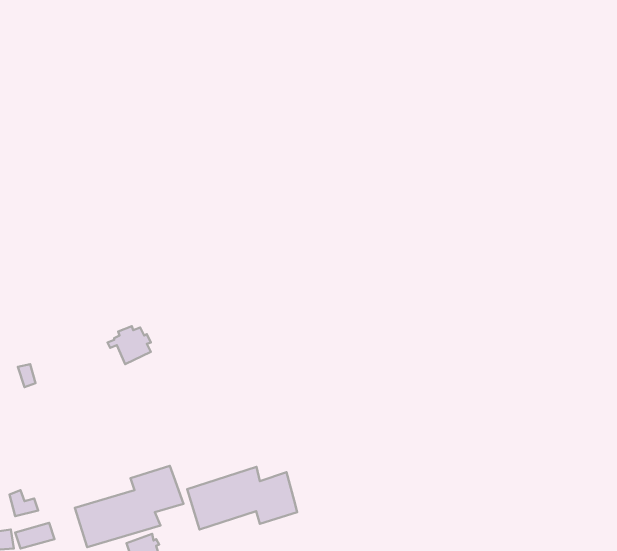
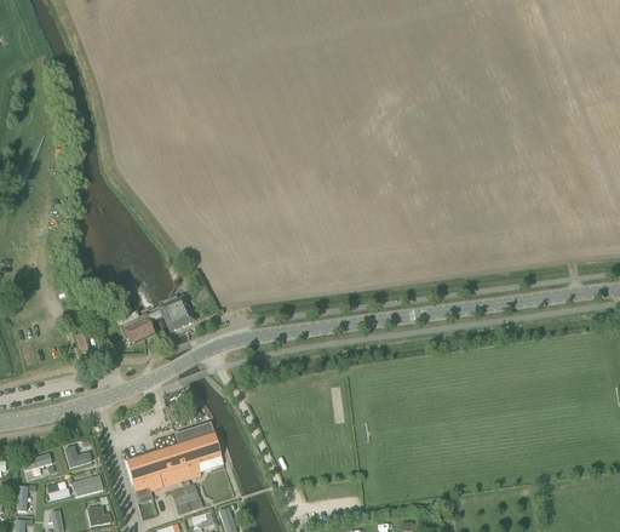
building: none -> [120,314,151,344]
building: [187,467,297,530] -> none

